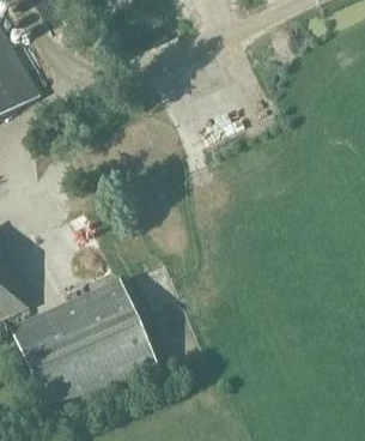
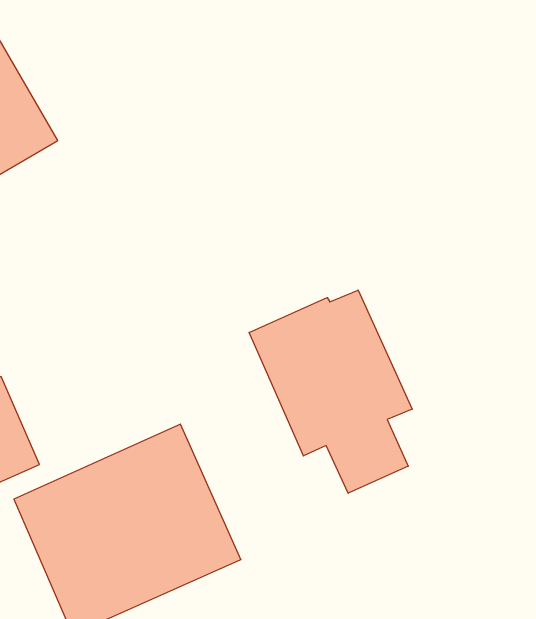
building: none -> [249,290,412,493]

